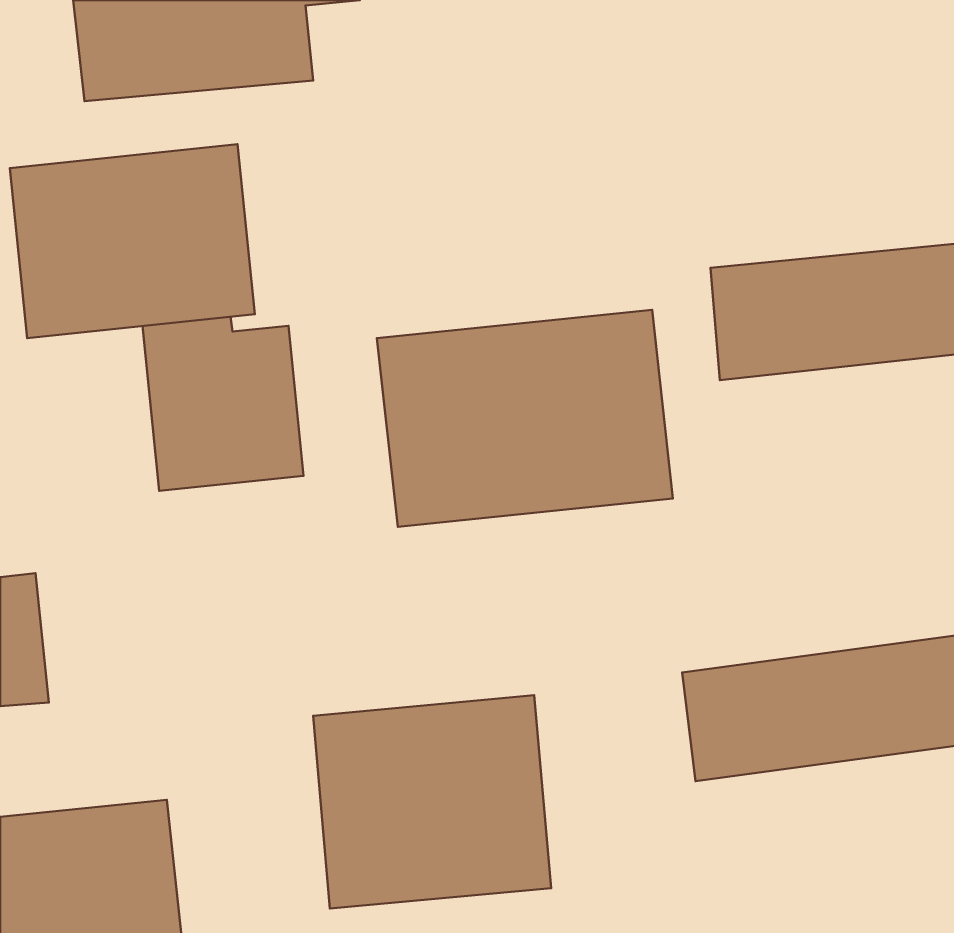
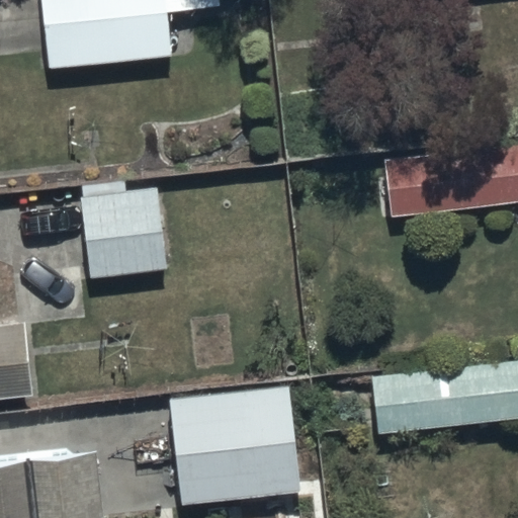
building: [10,144,255,338] -> none
building: [377,310,673,527] -> none

